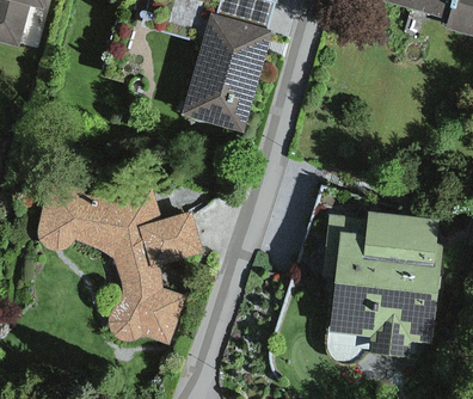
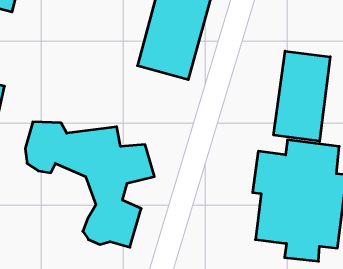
building: none -> [274,51,330,141]

